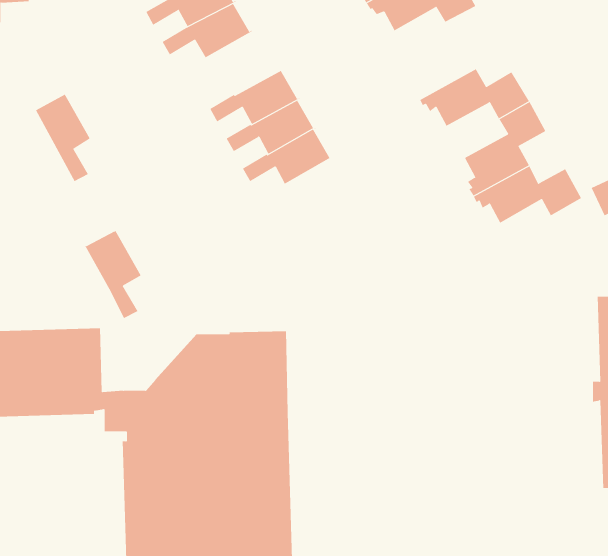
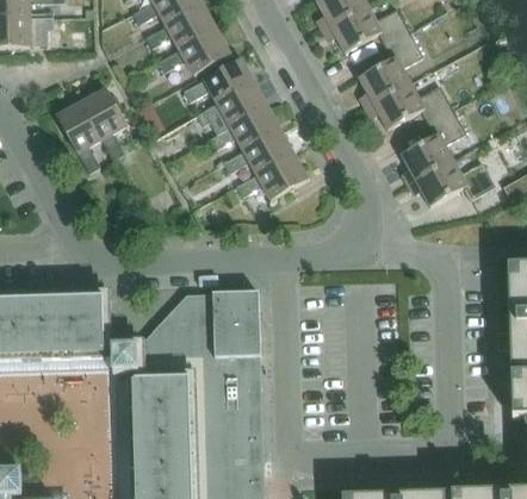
building: none -> [358,32,423,107]
building: none -> [184,58,256,104]
building: none -> [236,152,309,199]
building: [83,228,141,319] -> [80,87,126,160]

